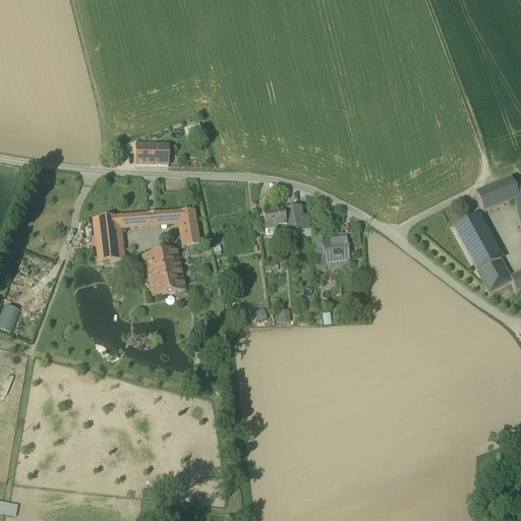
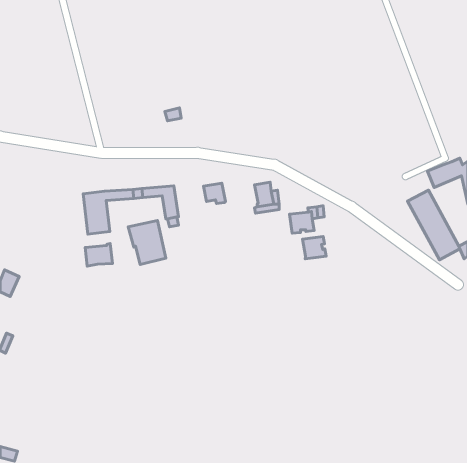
building: [136,142,169,162] -> none
building: [264,206,288,228] -> [204,183,226,203]
building: none -> [302,237,326,259]
building: none -> [85,243,113,266]

